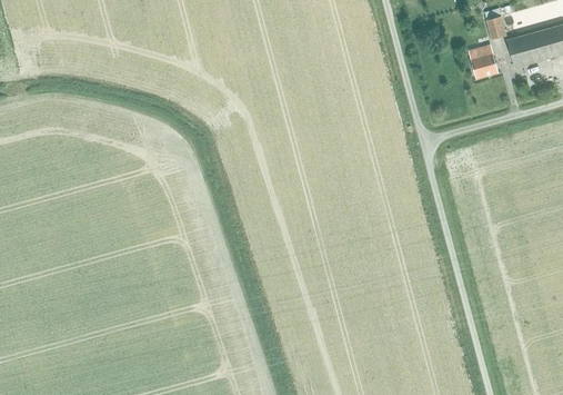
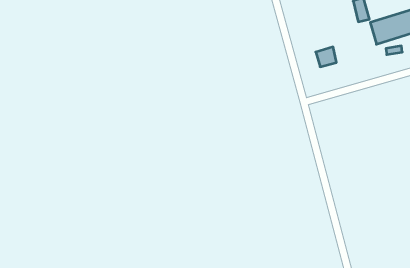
building: [471,53,497,79] -> [316,47,336,67]

